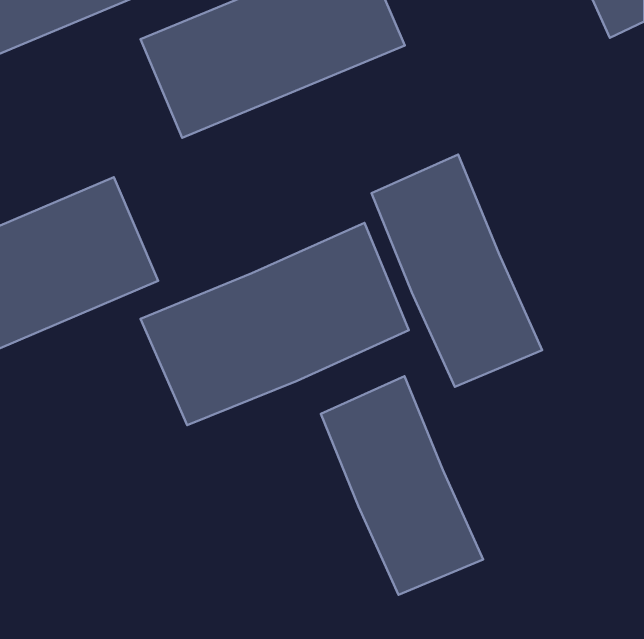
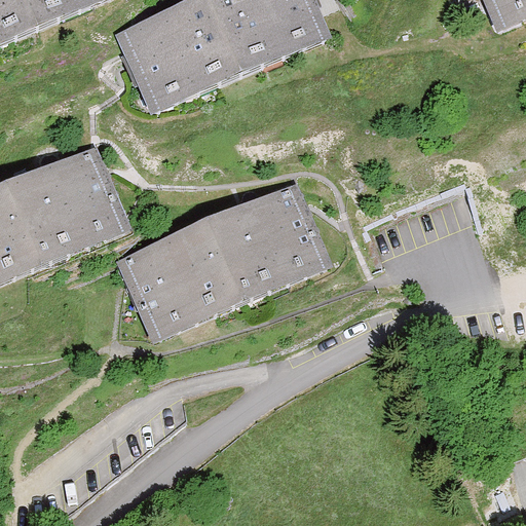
building: [371,154,542,387] -> none
building: [321,376,483,595] -> none

